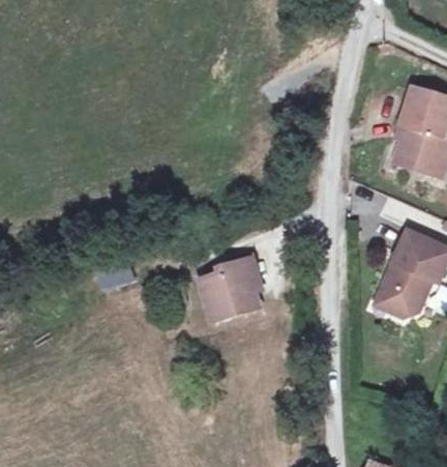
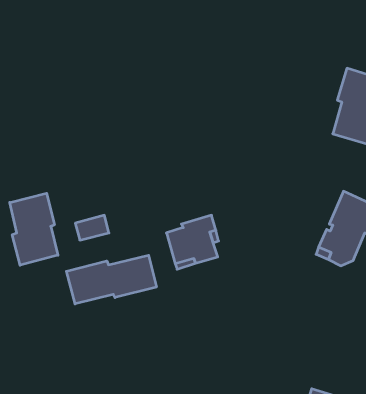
building: none -> [10,193,58,265]
building: none -> [66,255,156,304]

